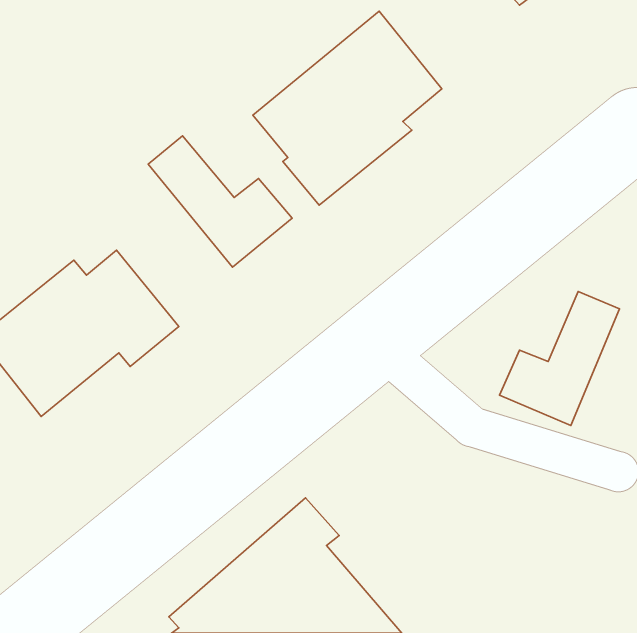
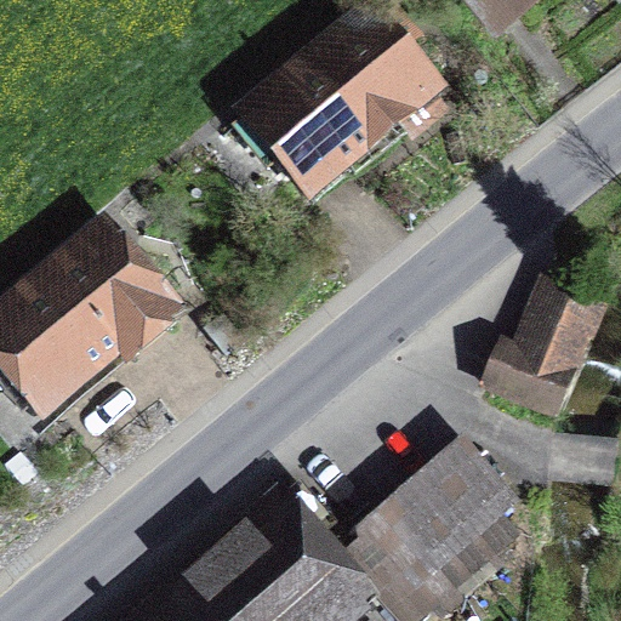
building: [148,136,292,267] -> none
building: none -> [363,443,509,602]

